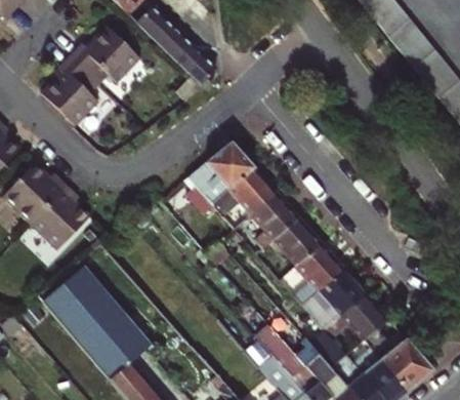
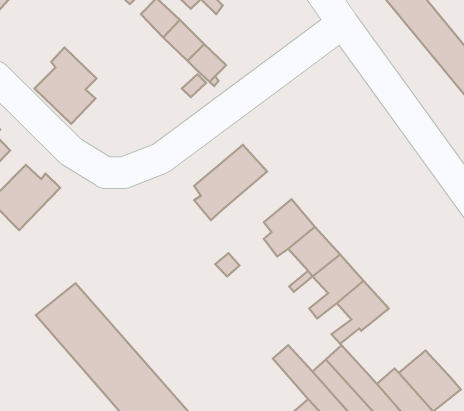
building: [68,26,138,82] -> none
building: [213,168,278,230] -> none
building: [26,184,86,248] -> none
building: [342,295,389,342] -> none

